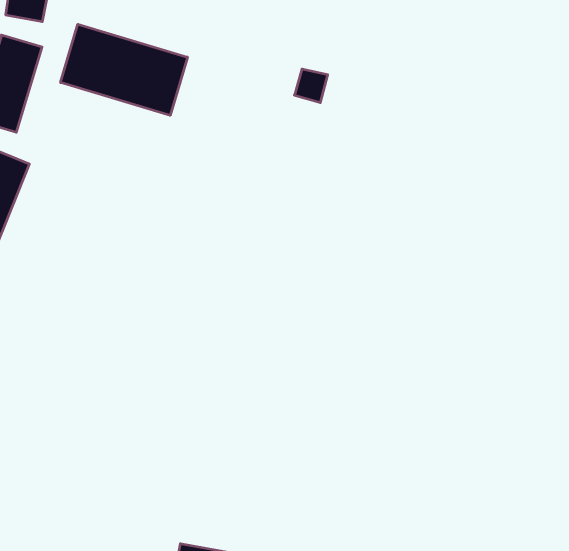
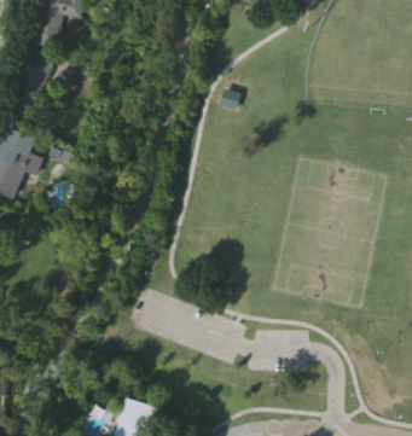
building: [61,24,187,115] -> none

